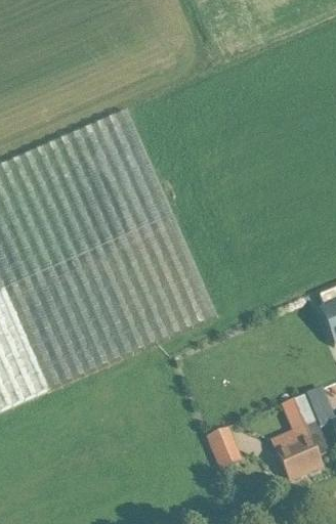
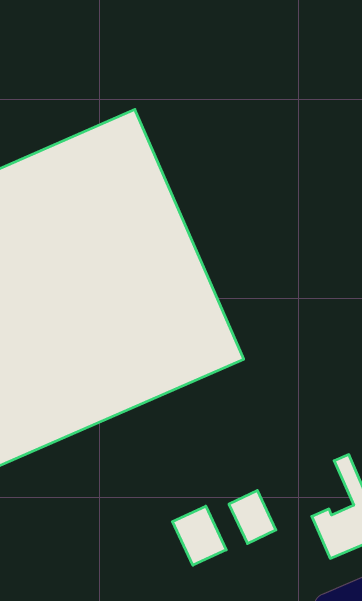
building: none -> [172,506,226,565]

